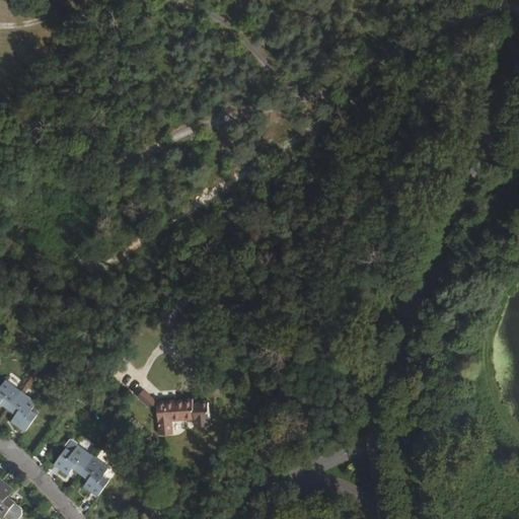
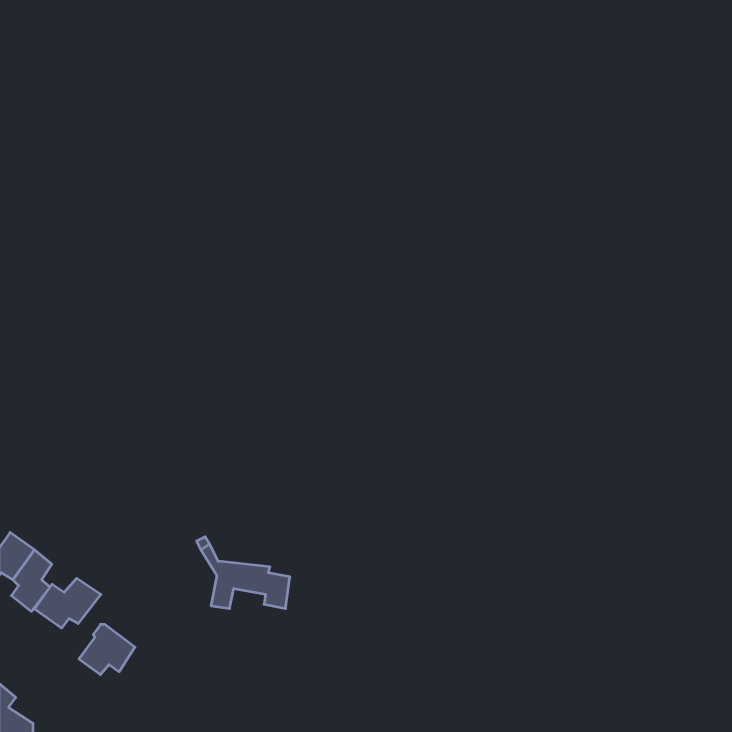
building: none -> [34,578,101,628]
building: [84,458,112,498] -> none

